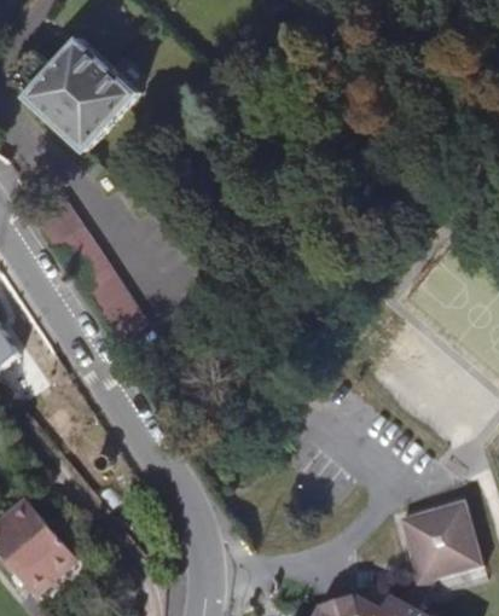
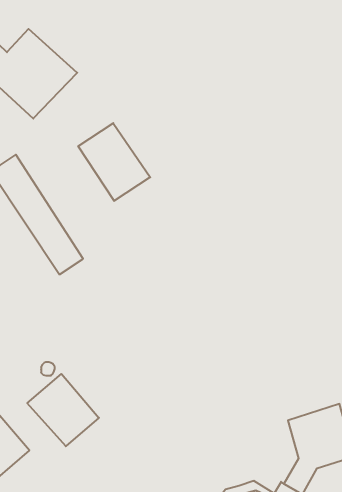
building: none -> [78,123,150,201]
building: none -> [27,374,99,446]

